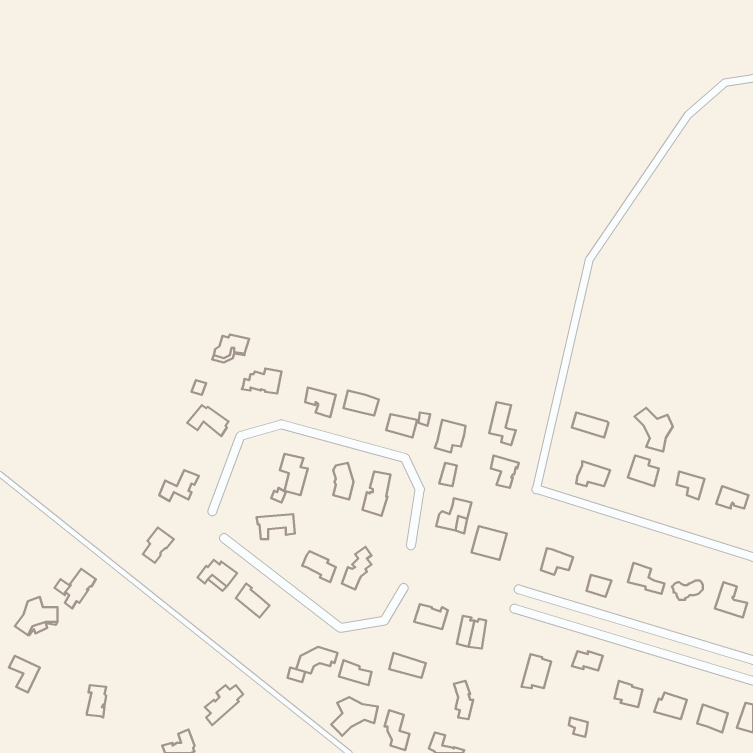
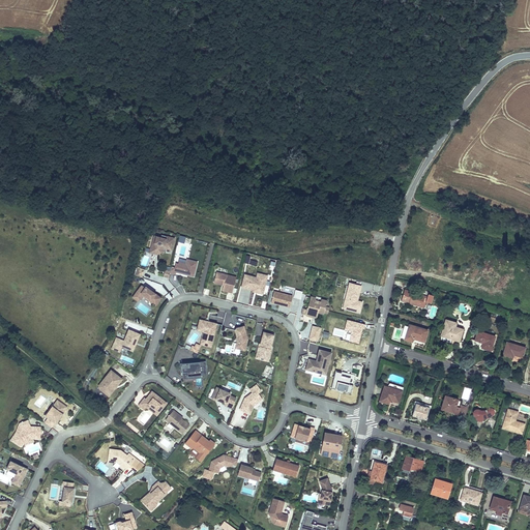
building: [634,408,673,451] -> none
building: none -> [185,431,215,461]
building: none -> [108,448,145,472]
building: [331,697,378,736] -> none

